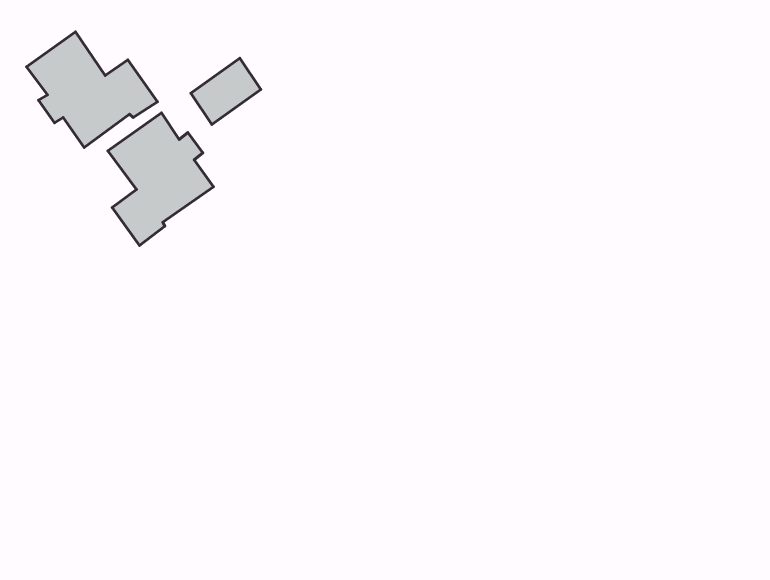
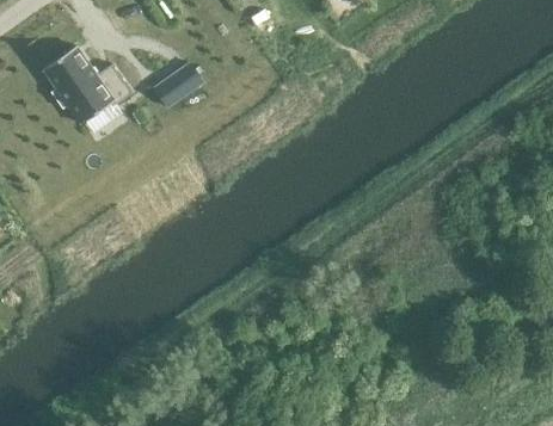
building: [108,113,213,246] -> none

